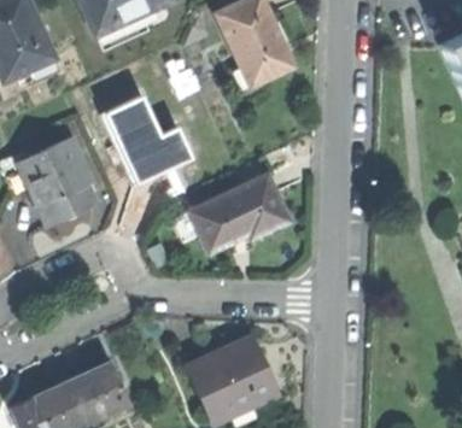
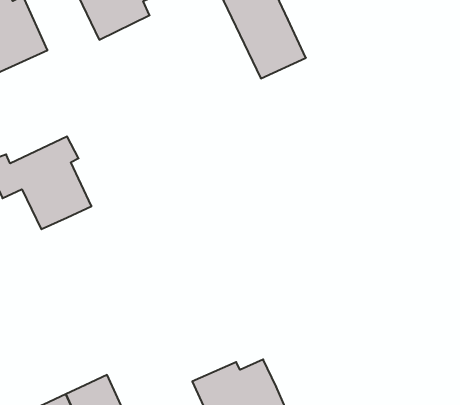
building: [104,95,176,184] -> none
building: [197,175,290,247] -> none

